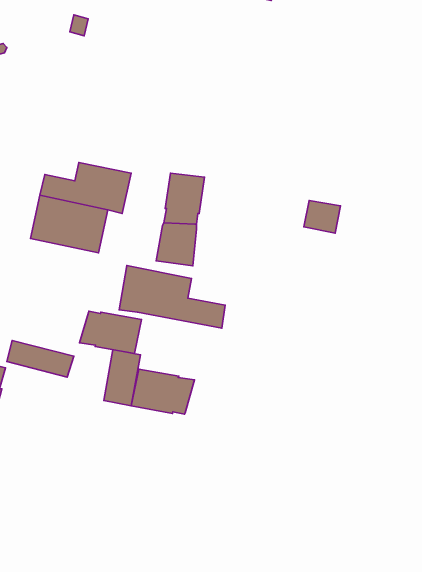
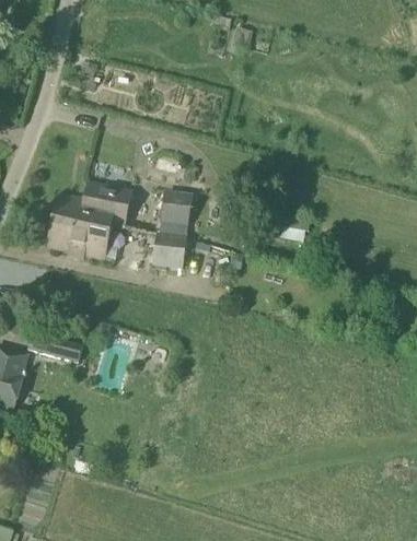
building: [119,266,225,328] -> none
building: [80,311,142,353] -> none
building: [131,369,195,414] -> none

